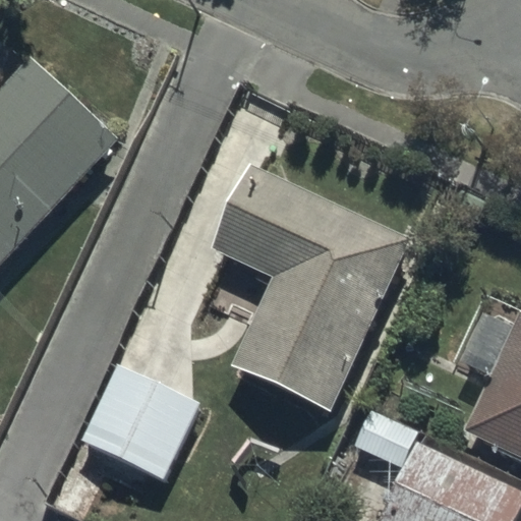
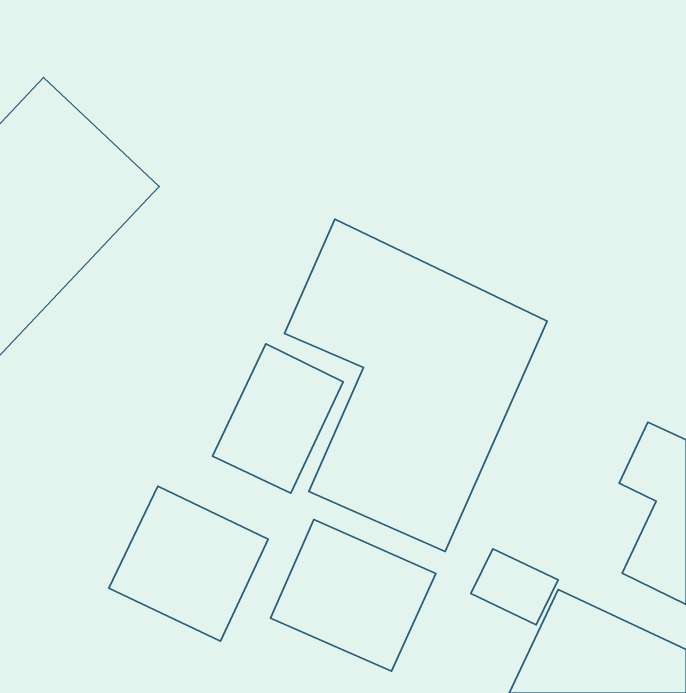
building: none -> [213,344,343,493]
building: none -> [271,519,436,671]

